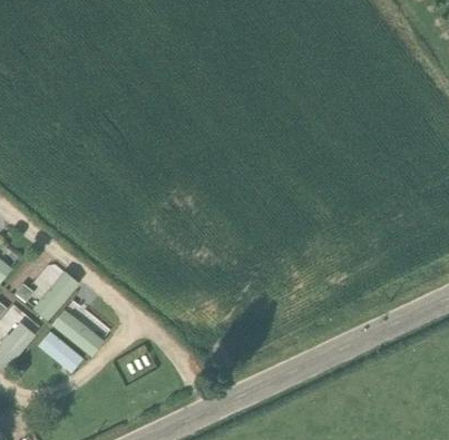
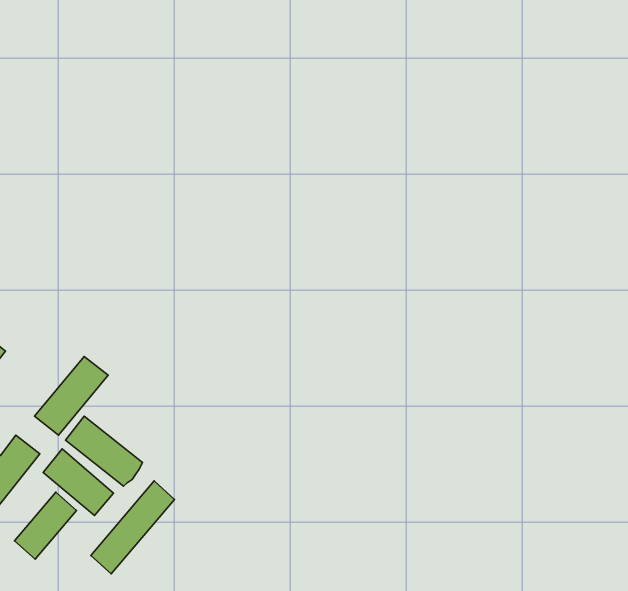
building: none -> [91,481,174,574]
building: none -> [15,492,76,559]

